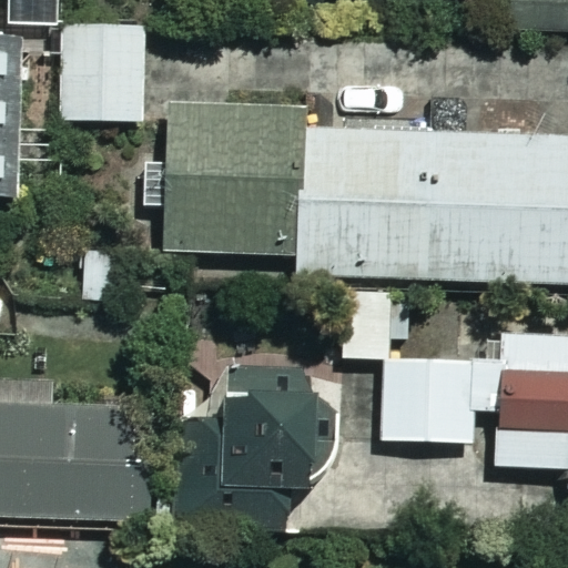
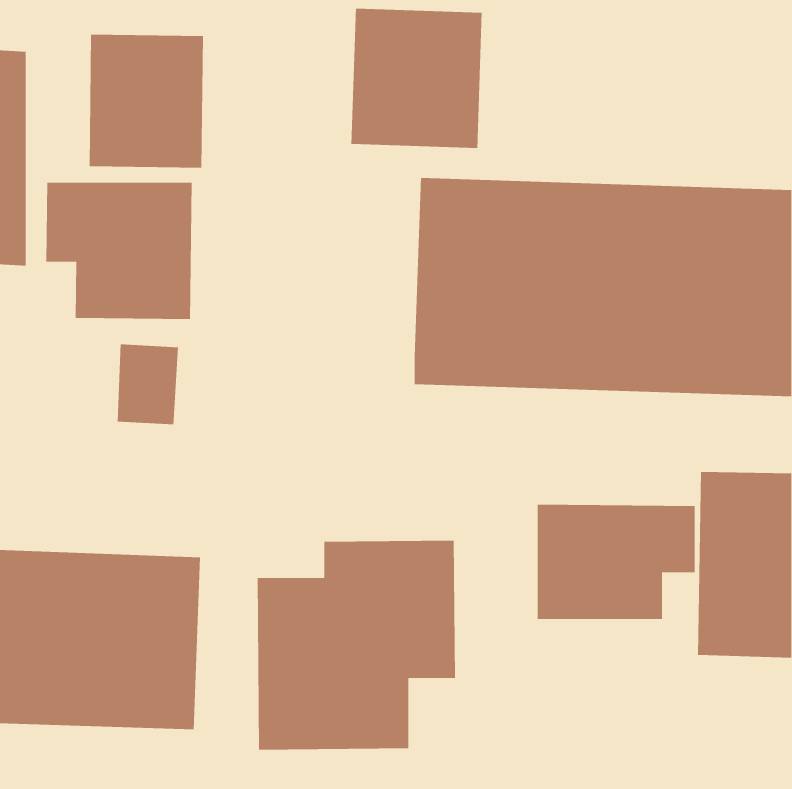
building: none -> [351,8,482,149]
building: [165,108,301,254] -> none
building: none -> [46,182,192,320]

